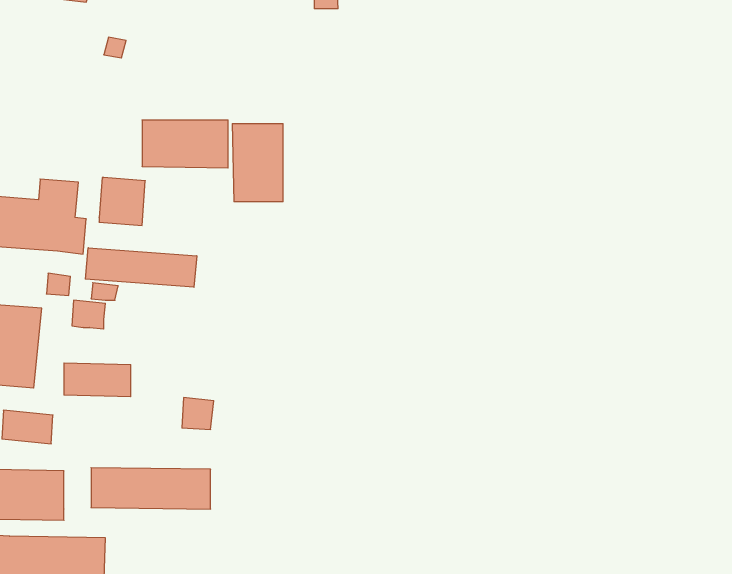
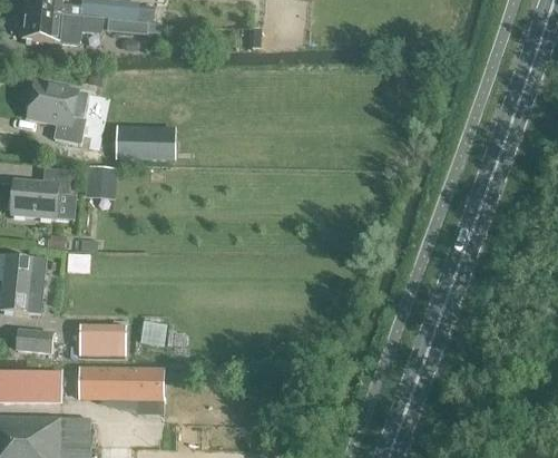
building: none -> [27,80,86,144]
building: [232,124,283,202] -> none
building: [85,248,197,287] -> none
building: [64,363,131,397] -> [78,331,125,354]

